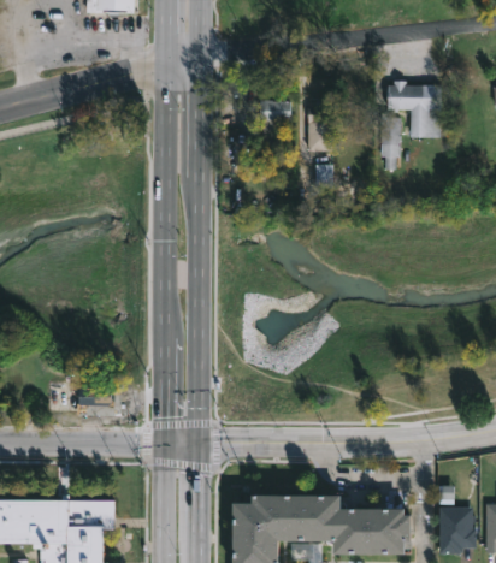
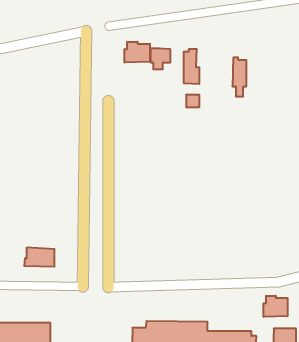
building: [386,79,441,136] -> none
building: none -> [125,42,150,63]
building: none -> [264,296,287,317]

